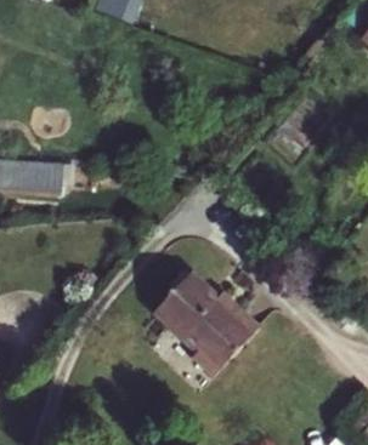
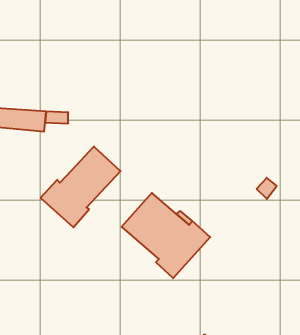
building: none -> [41,146,121,227]

